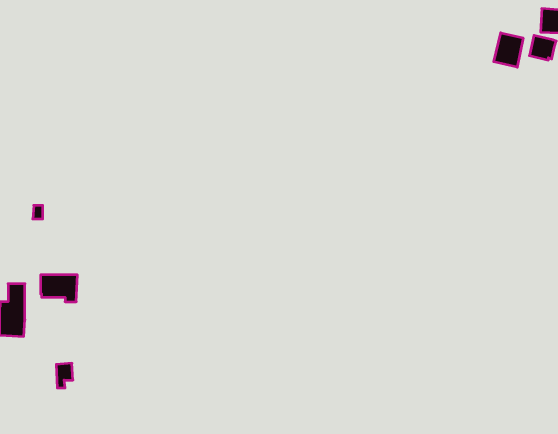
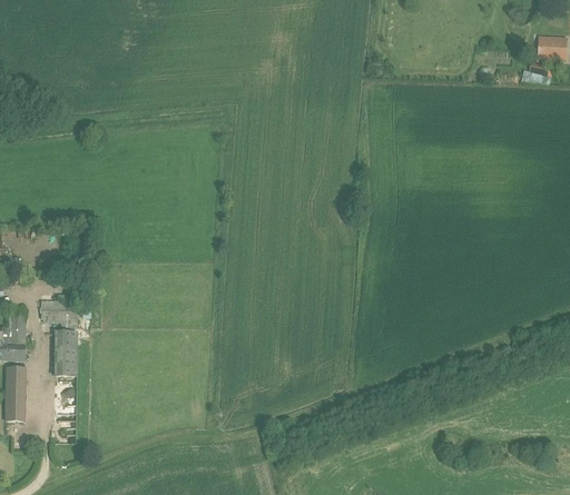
building: [494,33,523,67] -> none
building: none -> [53,330,77,376]
building: none -> [6,367,24,422]

